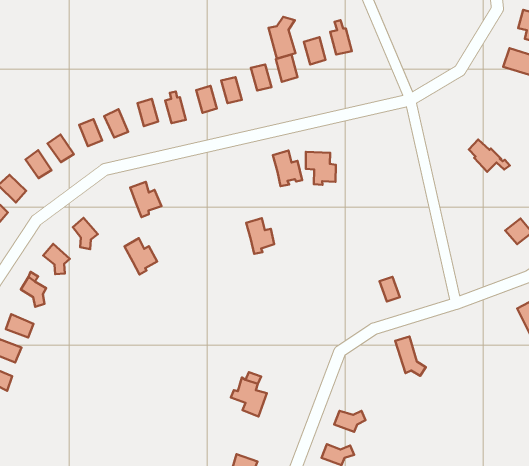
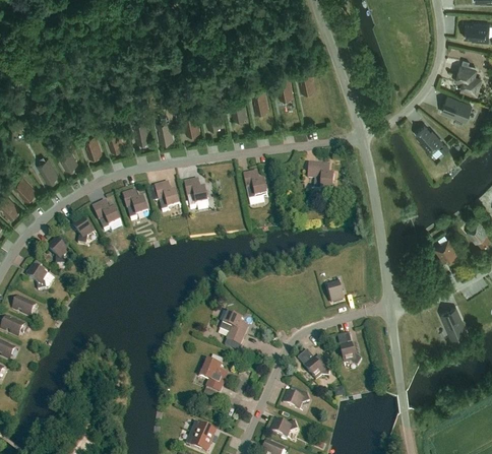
building: [268,17,295,59] -> none
building: [469,139,510,172] -> [416,125,449,152]
building: [306,152,336,185] -> [308,163,333,191]
building: none -> [156,182,180,211]
building: [246,218,274,254] -> [185,179,207,208]
building: [125,238,157,275] -> [94,200,120,231]
building: none -> [219,312,248,344]
building: none -> [298,349,329,379]

